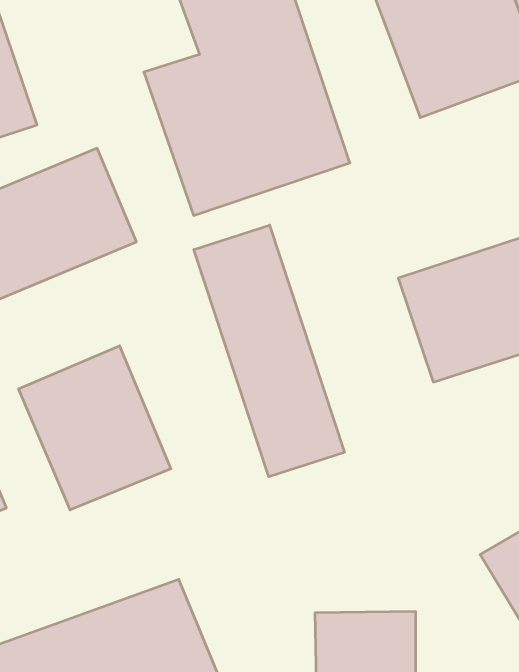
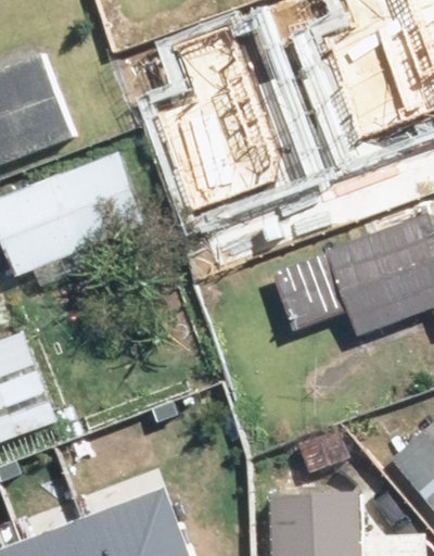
building: [194,225,344,477] -> none
building: [19,346,171,510] -> none

